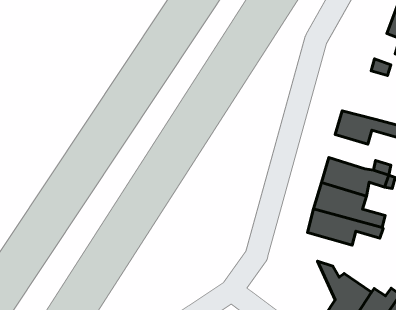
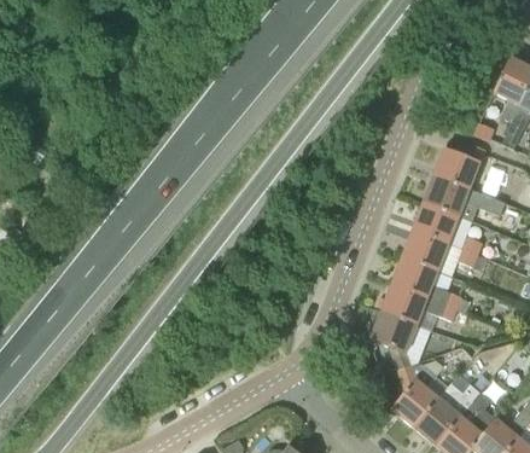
building: none -> [433,143,485,188]
building: none -> [413,202,459,244]
building: none -> [369,310,430,365]

